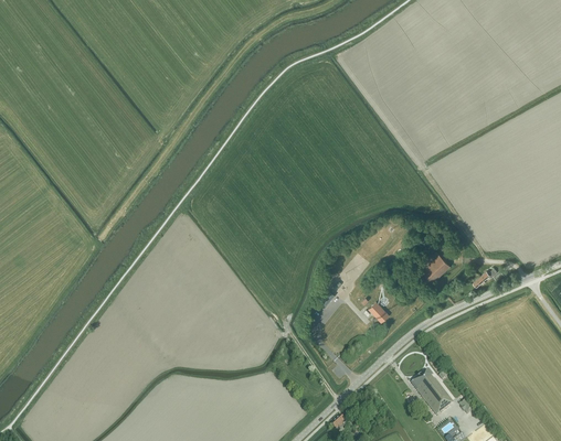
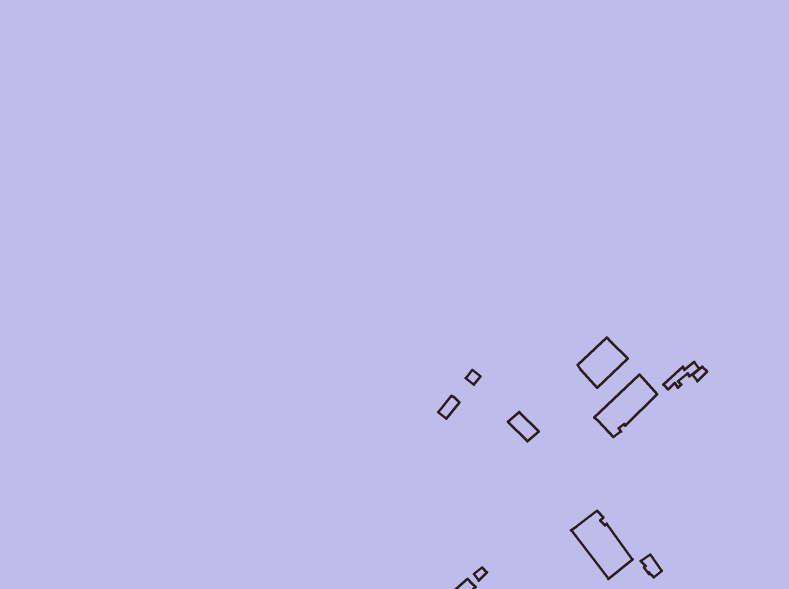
building: none -> [594,375,657,437]

